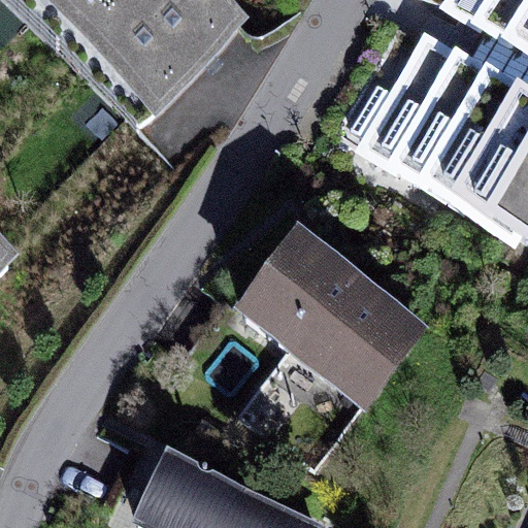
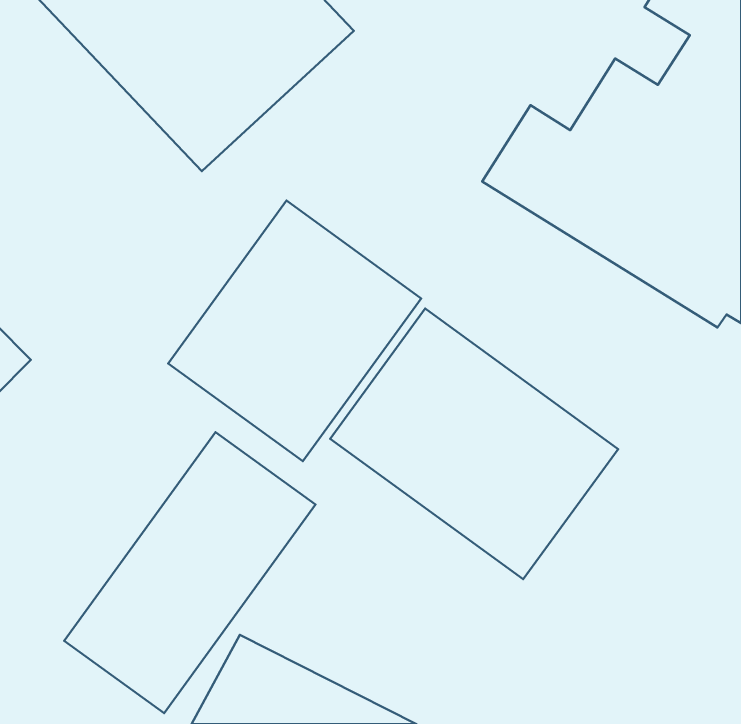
building: none -> [168,201,421,461]
building: none -> [64,432,316,713]

